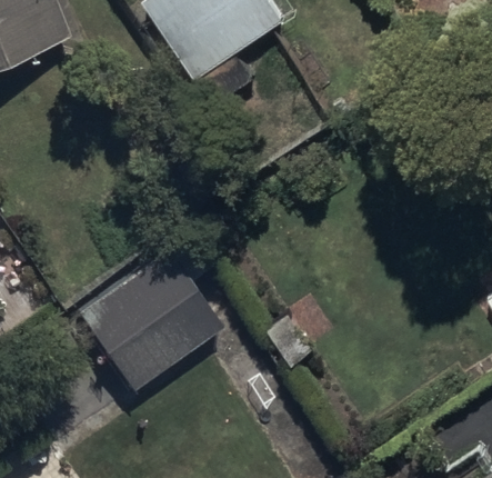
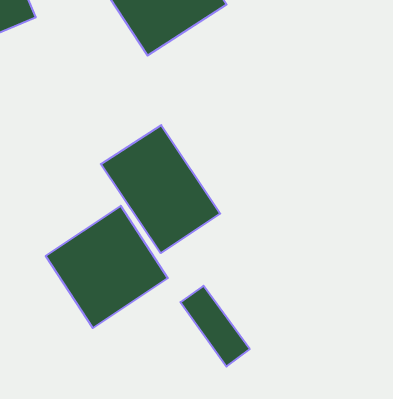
building: none -> [101,125,220,253]

